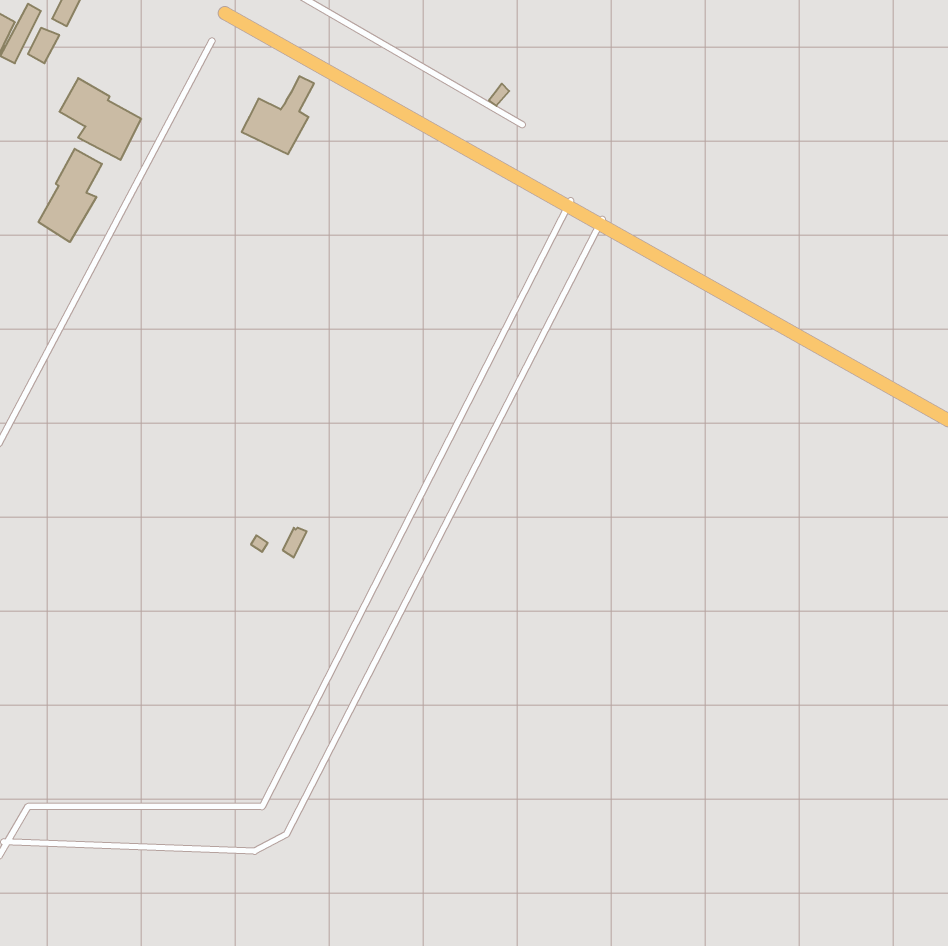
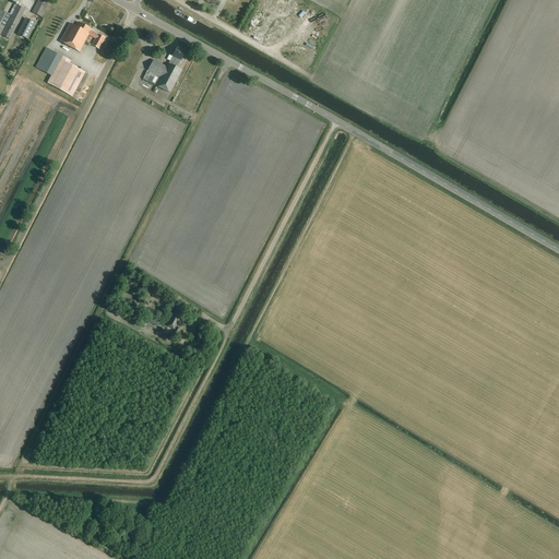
building: none -> [59,21,104,50]
building: [39,149,102,242] -> none

